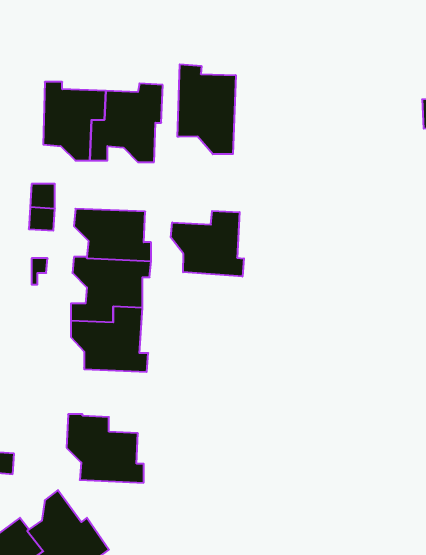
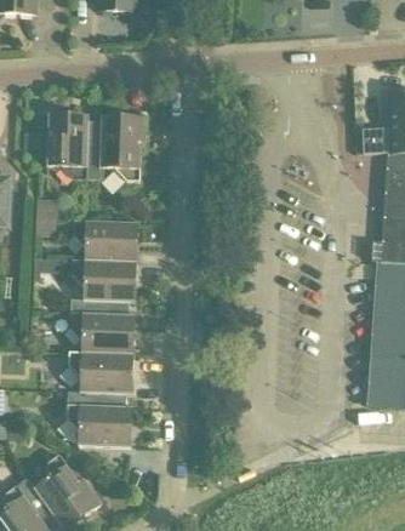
building: [177,64,236,154] -> none
building: [171,211,244,277] -> none
building: none -> [69,350,133,405]

